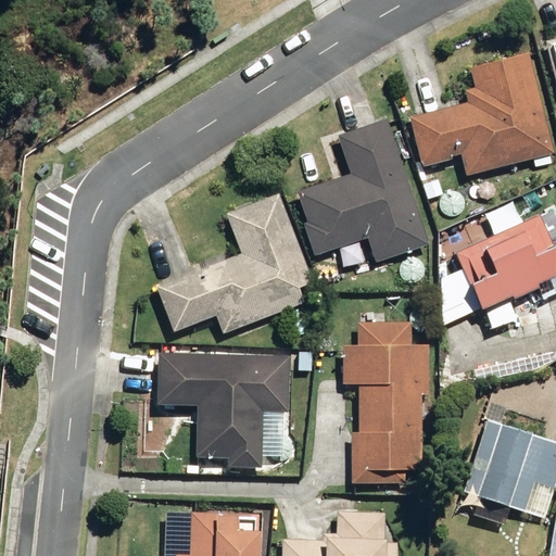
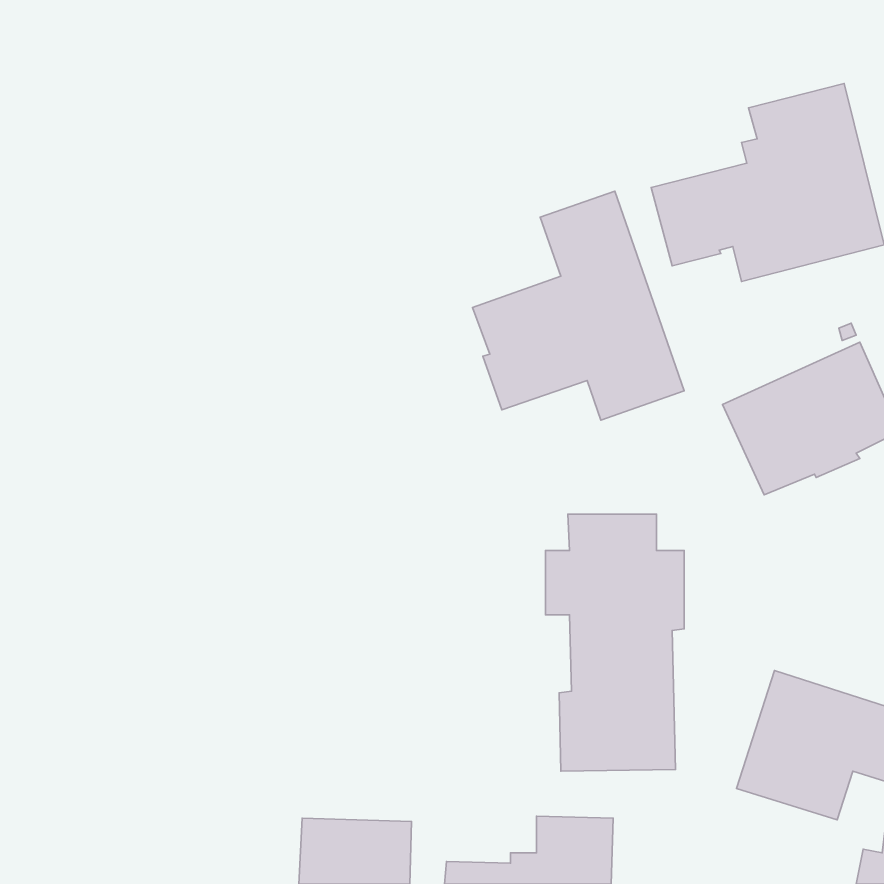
building: [156,192,314,334] -> none
building: [156,353,291,466] -> none

